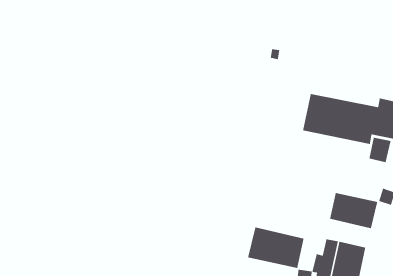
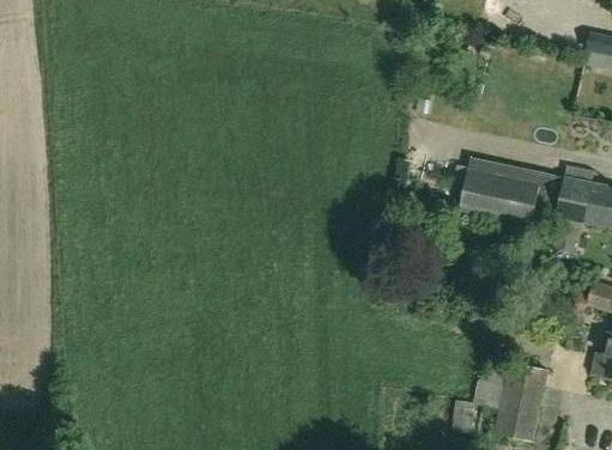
building: [329,192,378,229] -> none
building: [247,227,304,269] -> none

